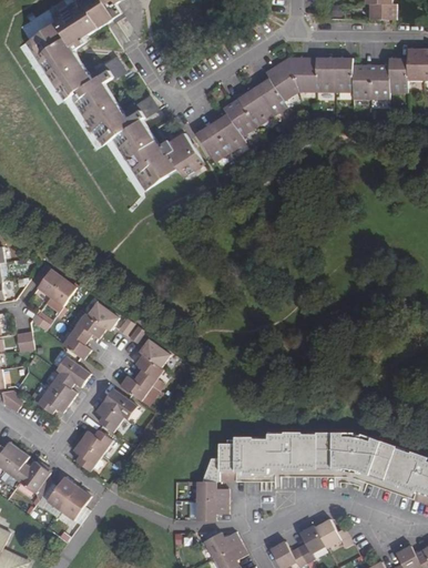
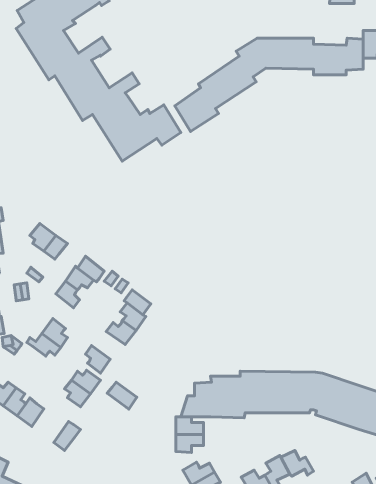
building: [57,356,91,387] -> none
building: [103,389,136,419] -> [107,382,137,409]
building: [47,477,78,510] -> none

